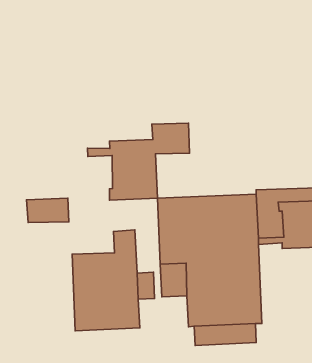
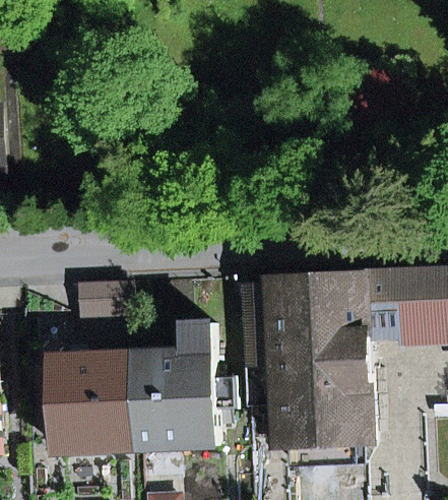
building: [87,123,190,200] -> none
building: none -> [54,351,137,449]

